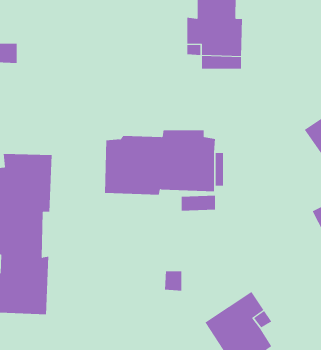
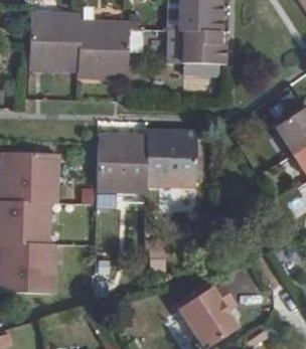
building: none -> [29,20,124,80]

